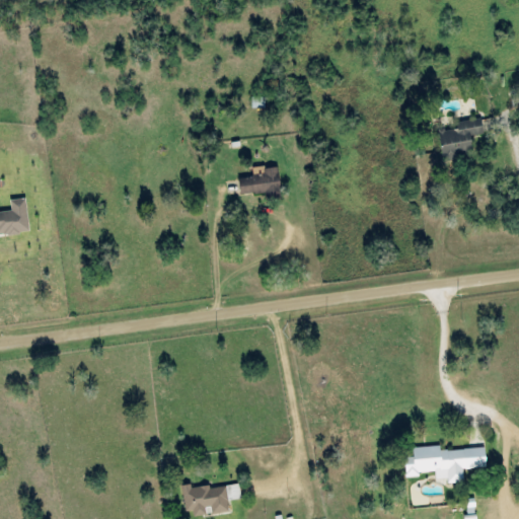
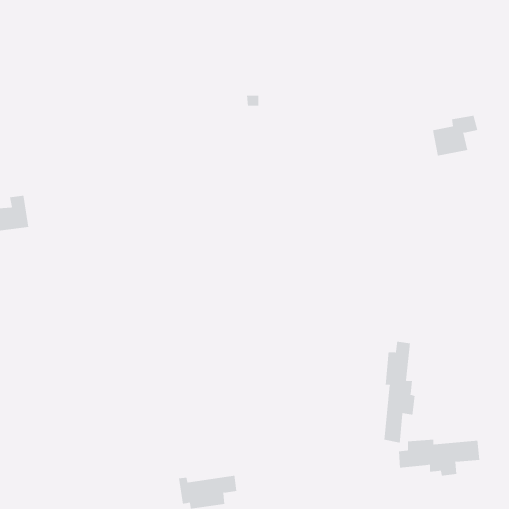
building: [238,165,281,195] -> none
building: none -> [384,341,415,444]

